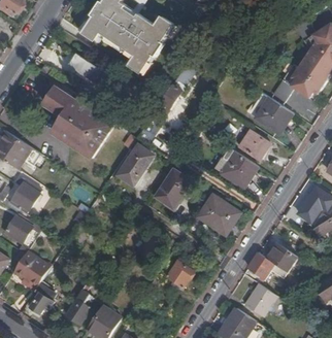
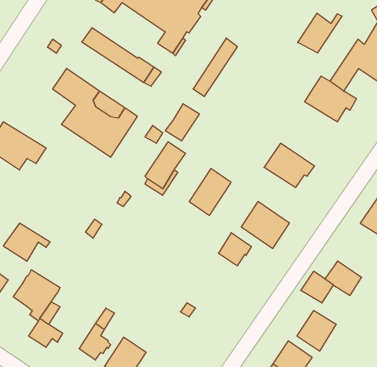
building: none -> [298,13,342,53]
building: [239,130,269,158] -> none
building: [9,177,35,211] -> none
building: [166,260,193,286] -> [218,233,251,266]

